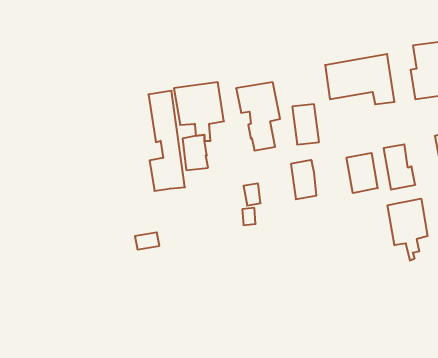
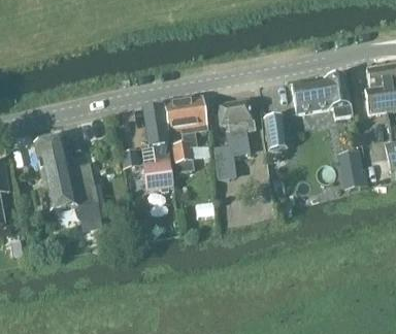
building: none -> [35,136,101,225]
building: [347,153,378,193] -> none
building: [291,160,316,199] -> [213,146,235,179]
building: [388,199,427,261] -> none

